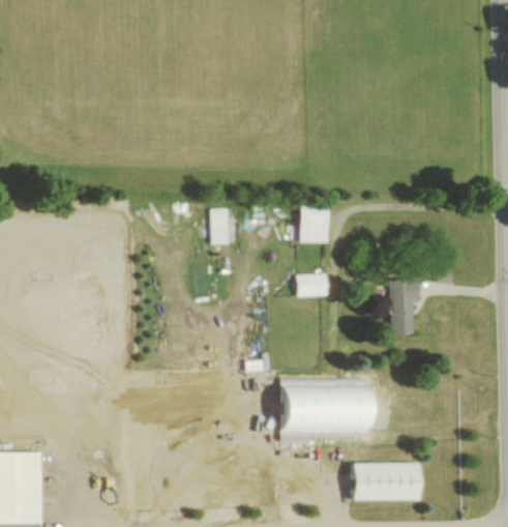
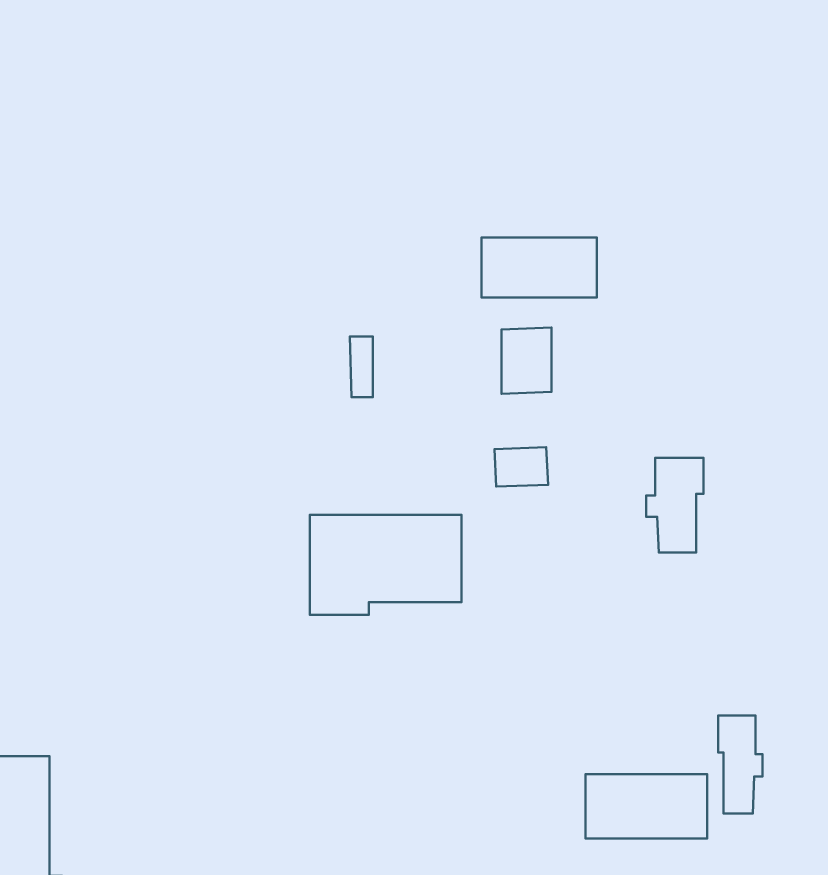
building: none -> [482,238,597,298]
building: [279,384,367,442] -> [310,515,462,615]
building: none -> [718,715,762,814]

